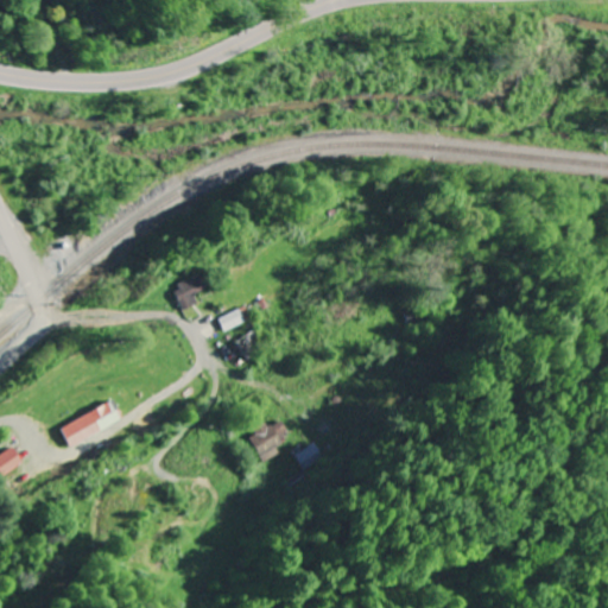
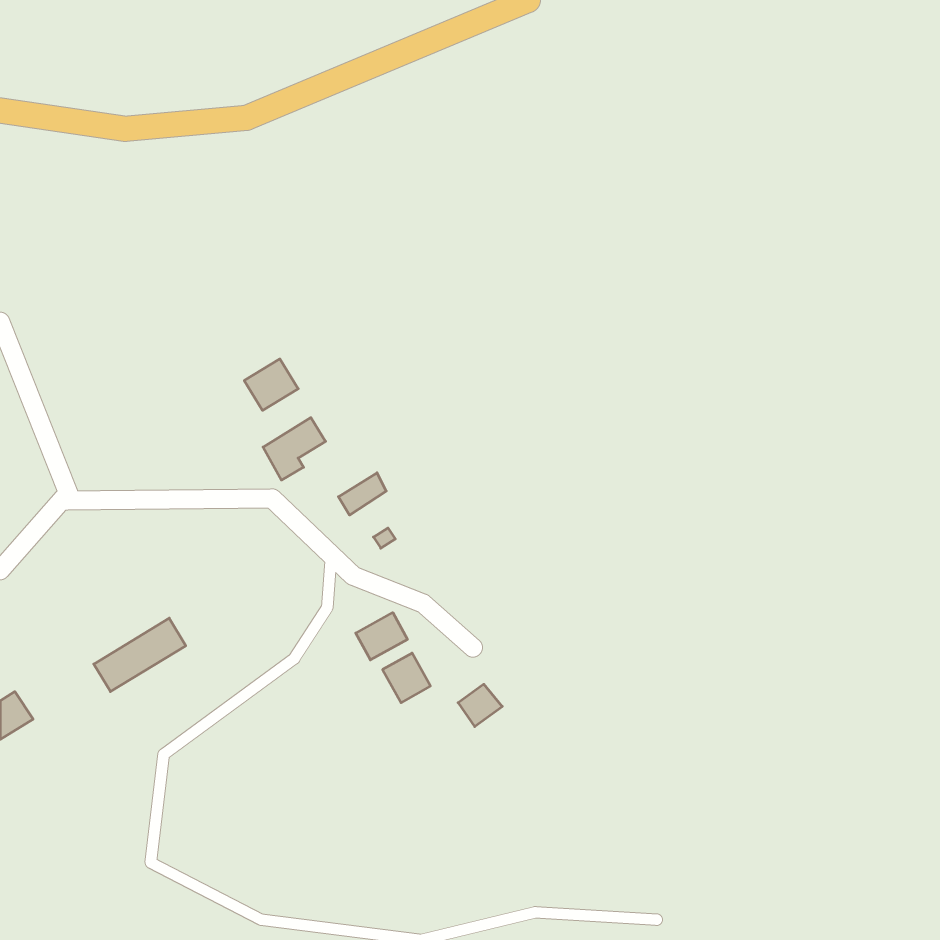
building: none -> [244,359,298,410]
building: none -> [356,613,407,660]

